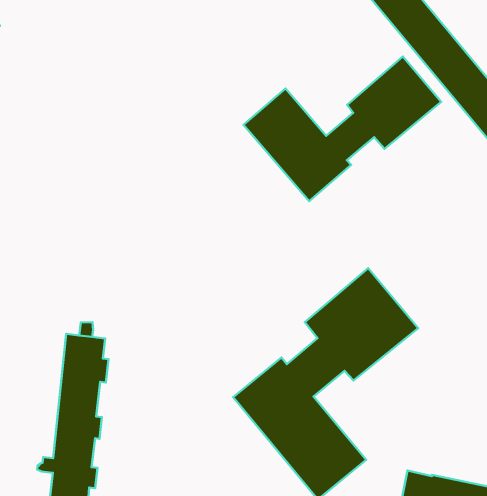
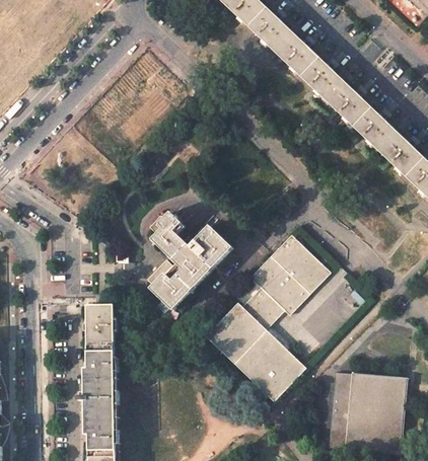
building: [243,57,441,201] -> none
building: none -> [148,211,232,309]

